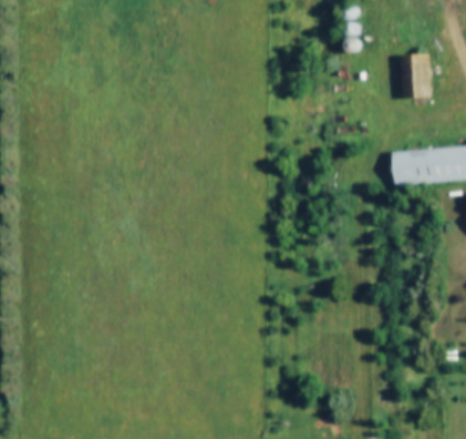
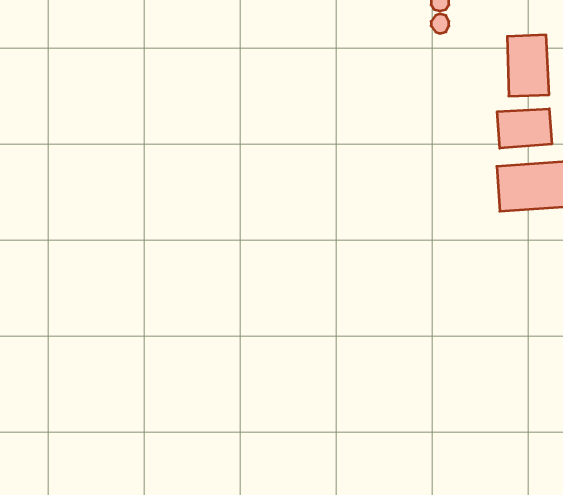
building: none -> [497,109,552,148]

